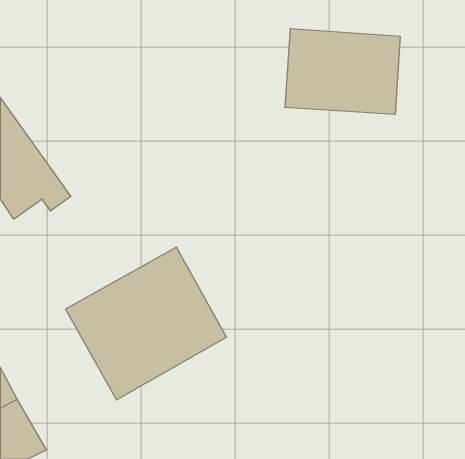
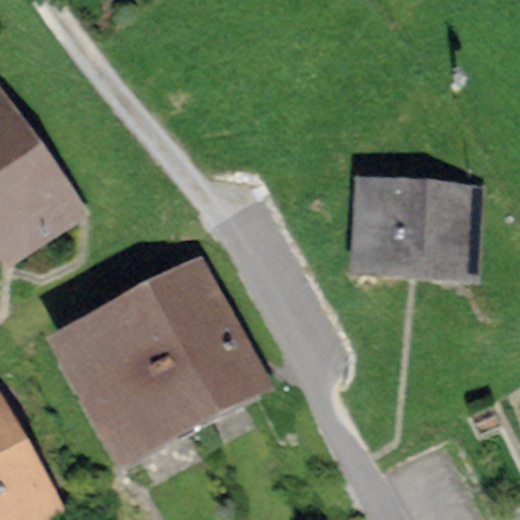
building: [285,28,400,114] -> none
building: none -> [365,186,466,266]

